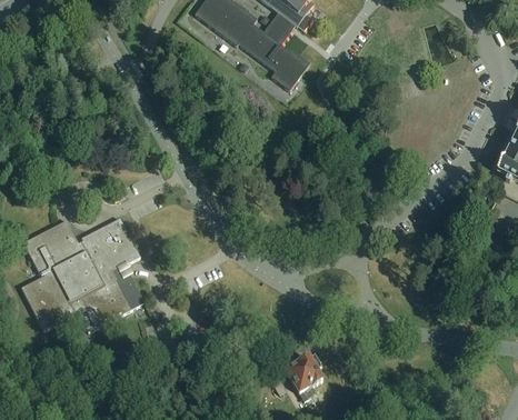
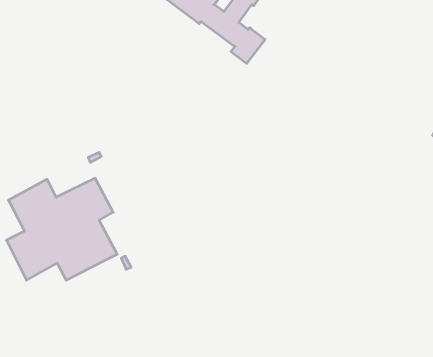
building: [287,353,323,399] -> none

